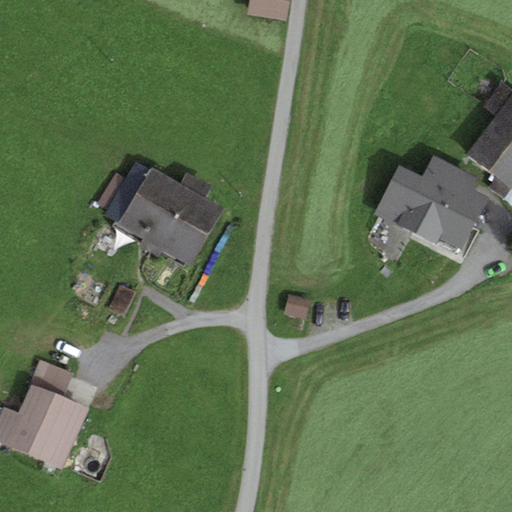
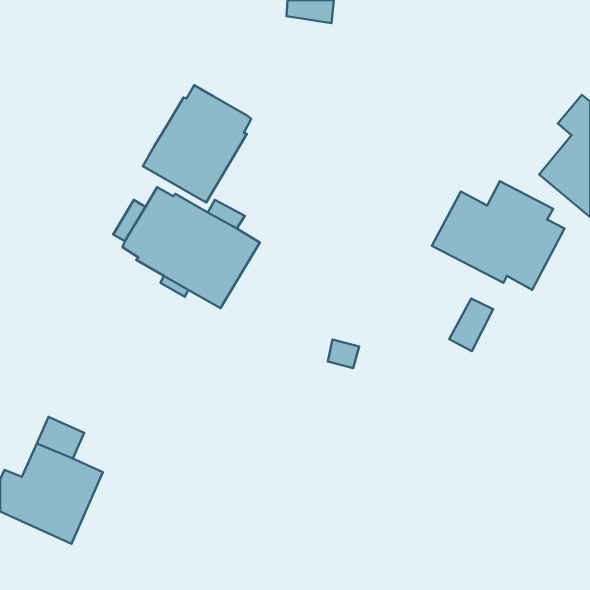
building: none -> [143,85,251,202]
building: none -> [449,298,493,351]

